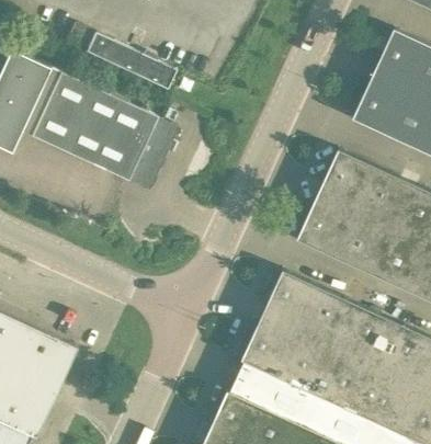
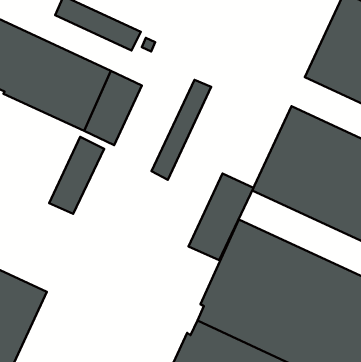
building: none -> [152,80,211,180]
building: none -> [49,137,104,214]
building: none -> [189,174,253,260]

